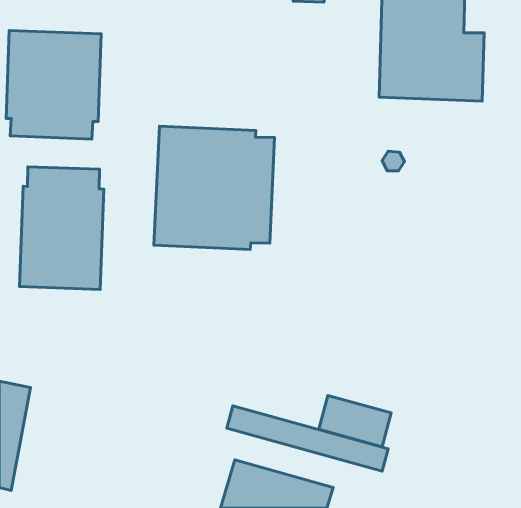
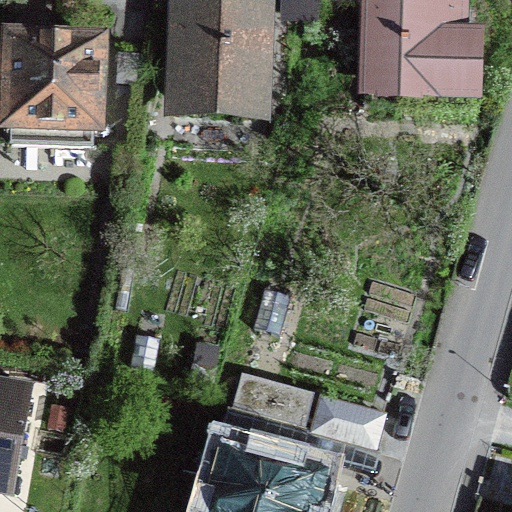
building: none -> [178,7,258,96]
building: [154,126,274,249] -> none
building: [20,167,104,289] -> none

